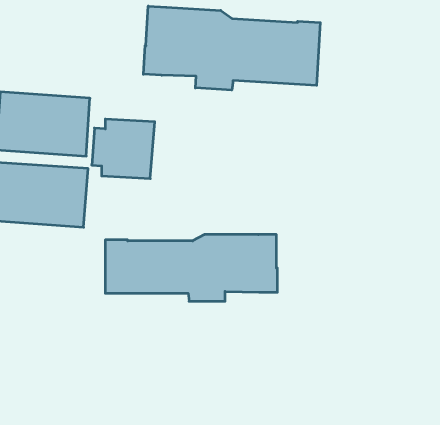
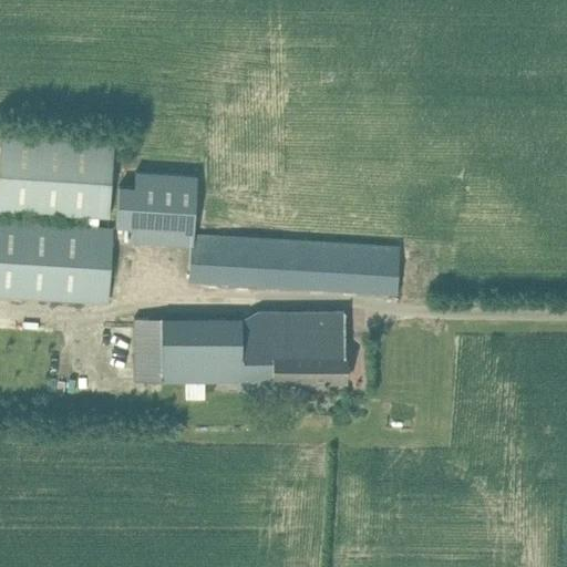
building: [143,6,320,90] -> none
building: none -> [188,237,400,293]

